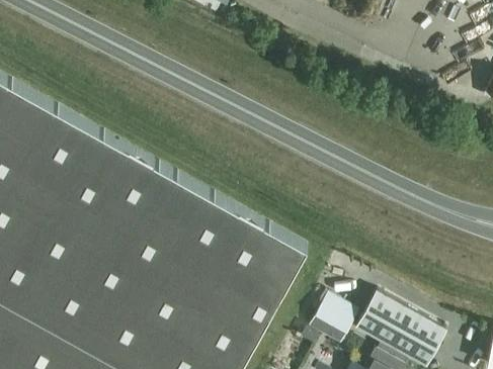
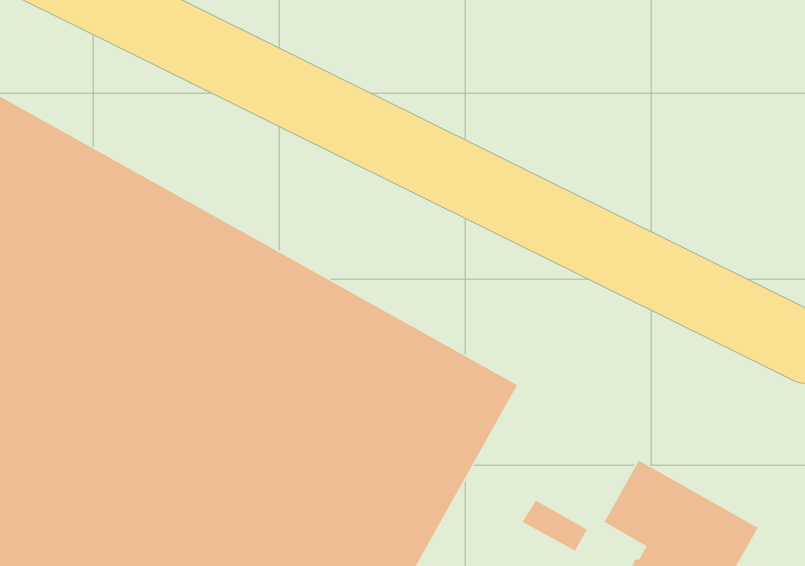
building: [317,295,359,335] -> none

